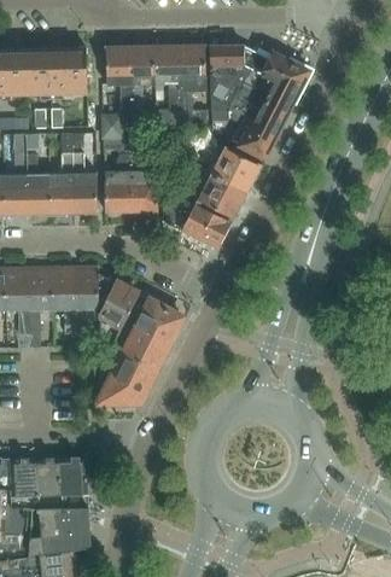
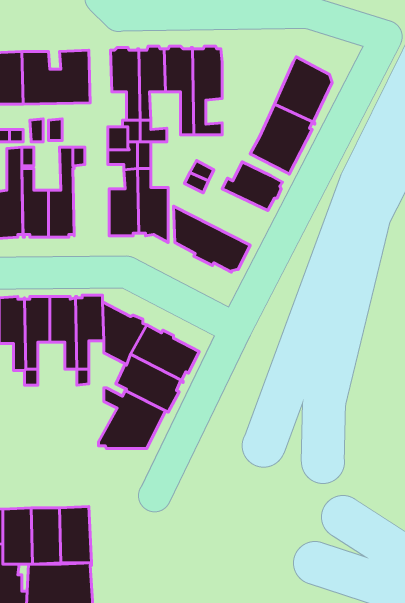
building: [210,45,270,124] -> none
building: [72,153,98,214] -> none
building: [198,171,247,217] -> none

